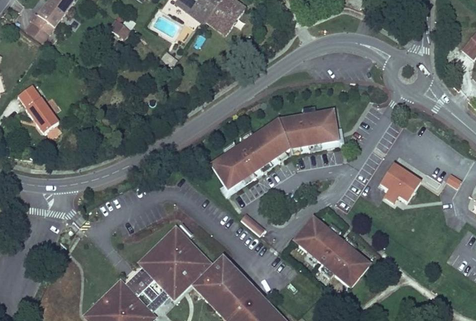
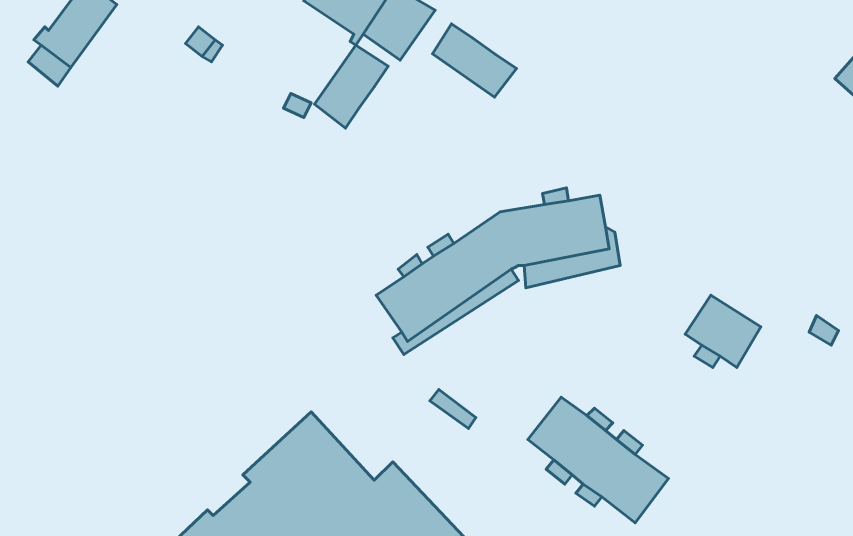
building: none -> [432,24,517,97]
building: none -> [314,45,388,128]
building: [17,90,62,137] -> none

